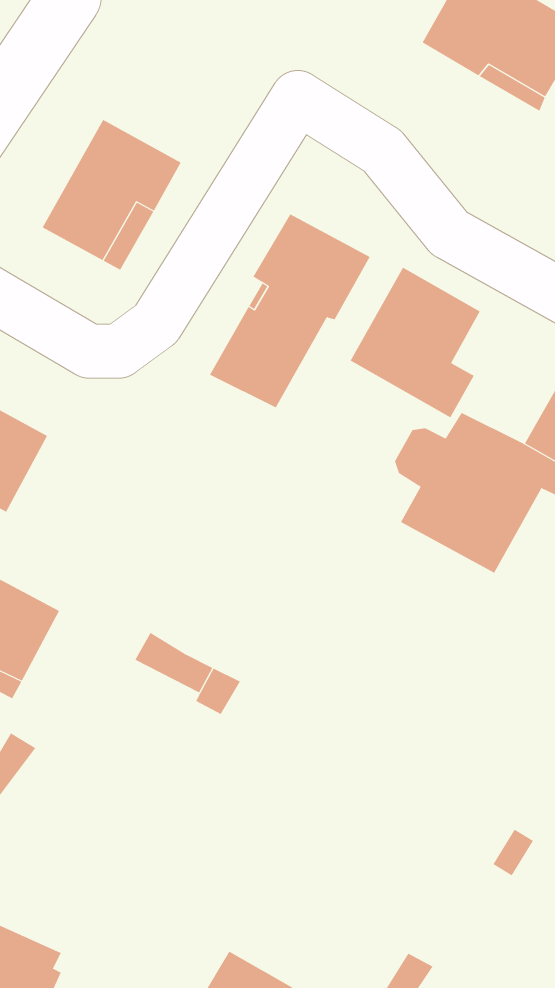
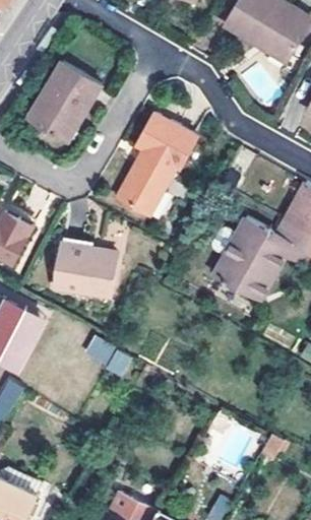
building: [350,267,481,418] -> none
building: none -> [54,239,114,296]

